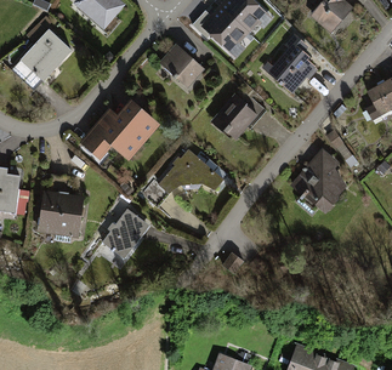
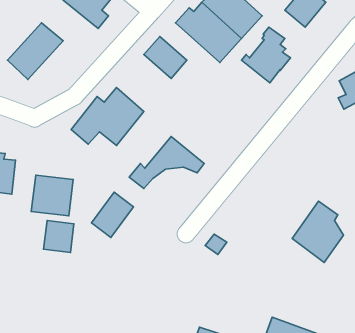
building: [211,93,267,141] -> none
building: [291,147,346,212] -> [292,201,343,263]
building: none -> [44,221,74,252]

